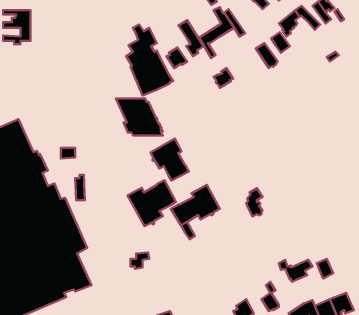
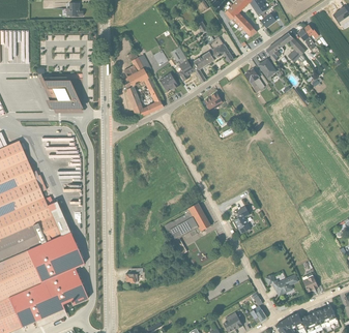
building: [116,99,163,136] -> [38,77,83,112]
building: [150,139,189,181] -> none
building: [127,180,176,226] -> none

